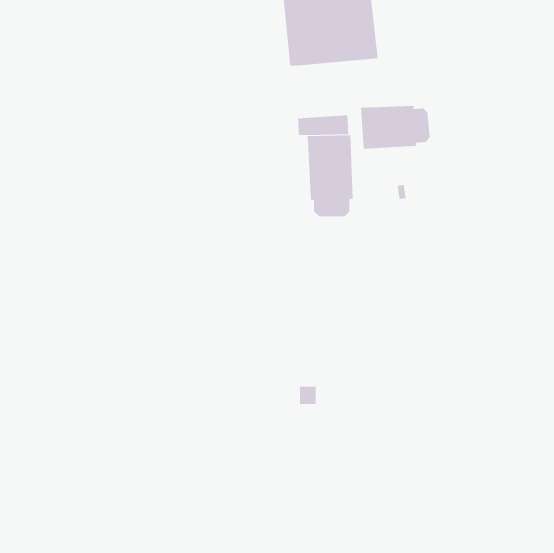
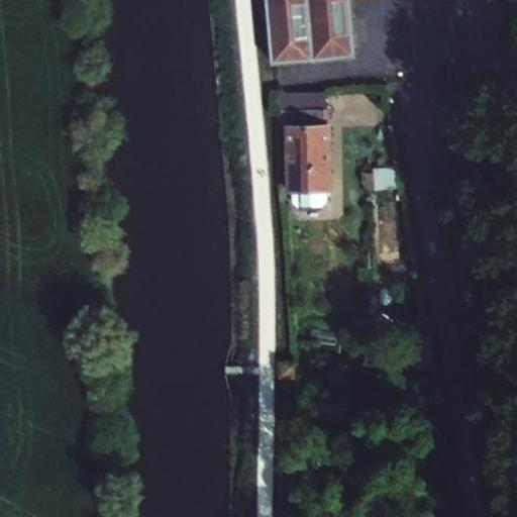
building: [361,105,430,150] -> none

